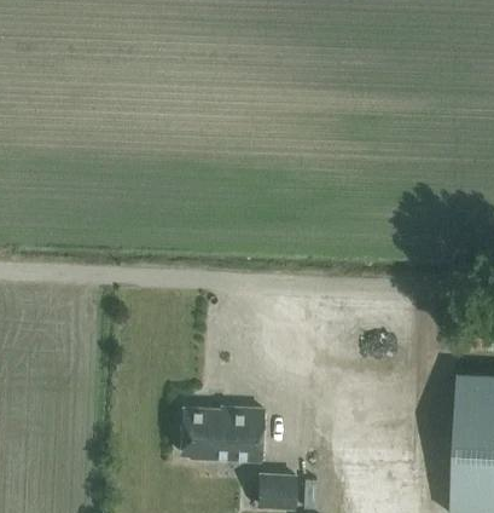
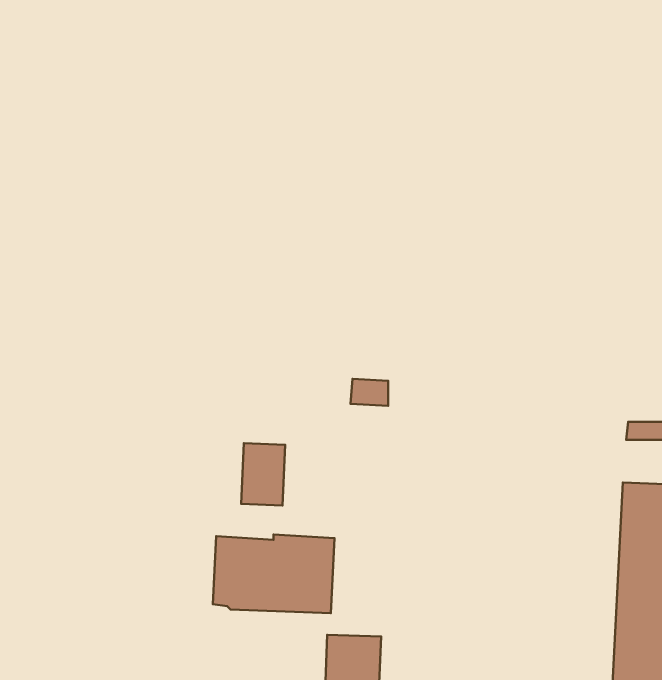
building: none -> [241,443,285,505]

